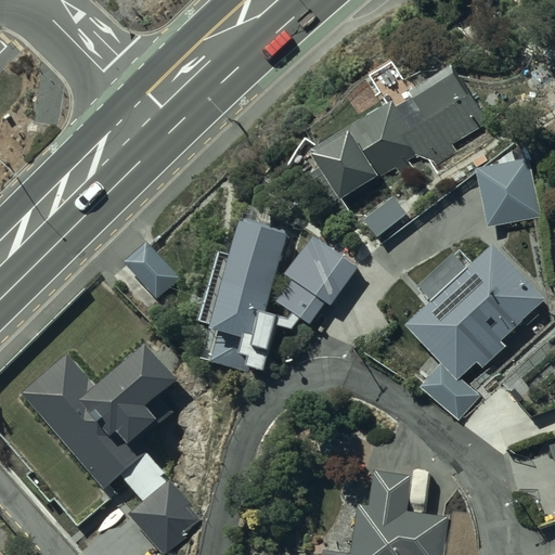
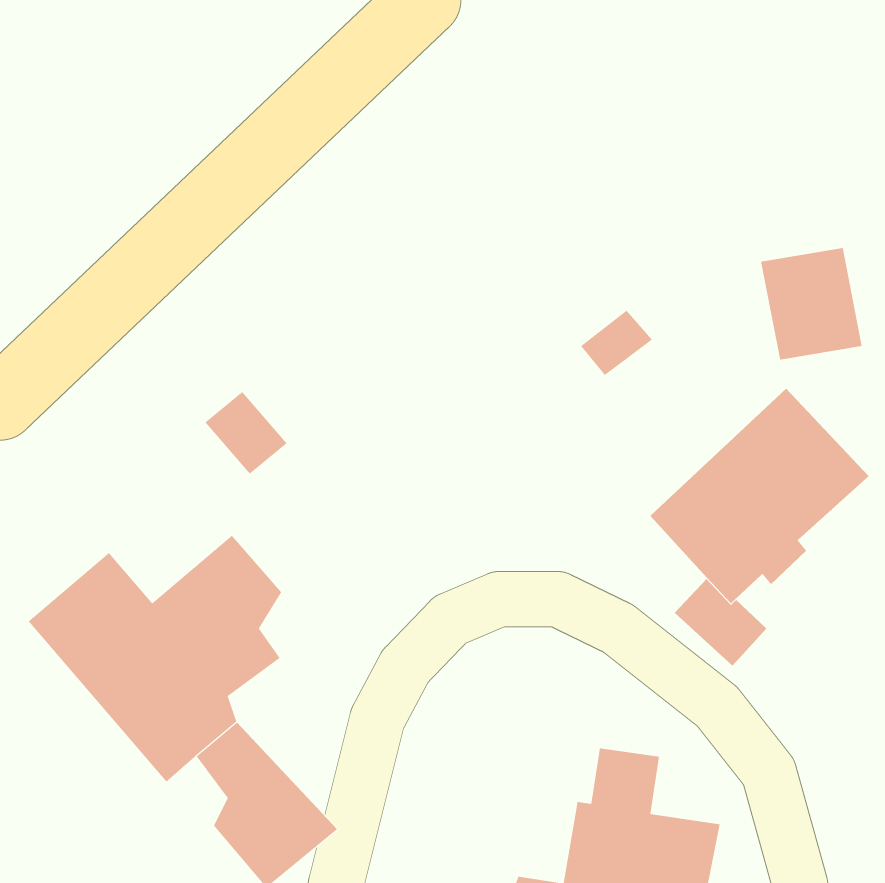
building: [307,63,489,201] -> none
building: [205,221,286,375] -> none
building: [275,235,358,325] -> none

